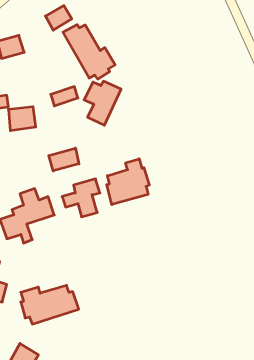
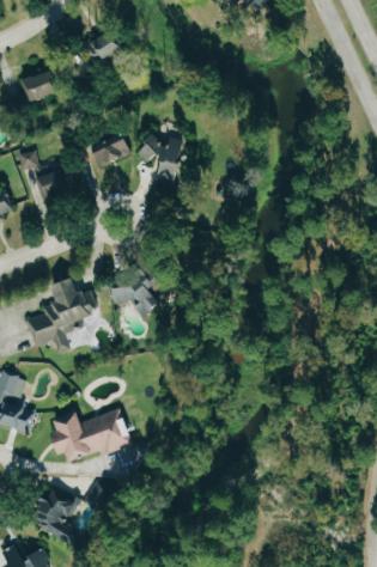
building: [63,25,115,79] -> none
building: [49,148,79,171] -> none
building: [107,159,149,205] -> none

